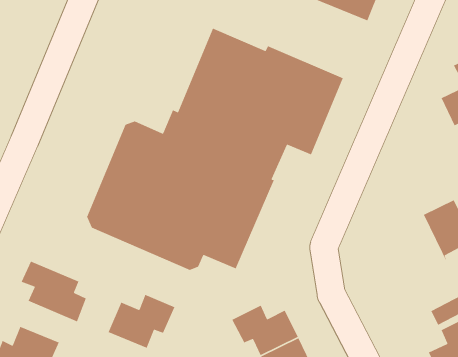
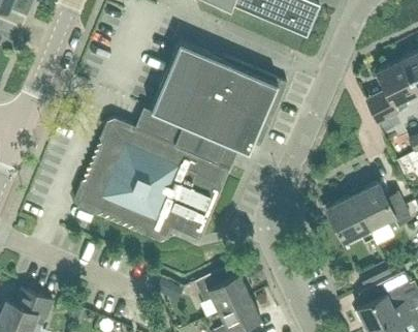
building: none -> [326,195,373,243]
building: [21,261,87,323] -> none
building: [108,294,175,349] -> none

